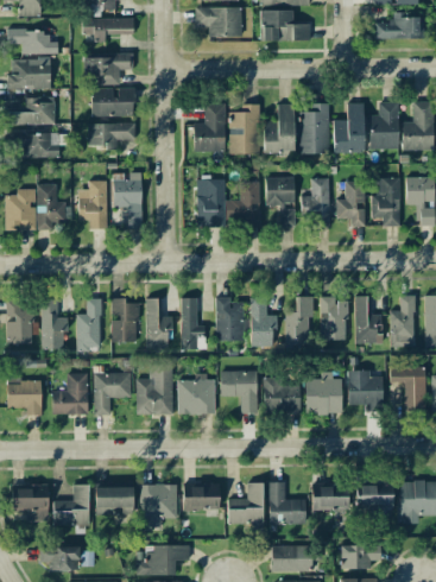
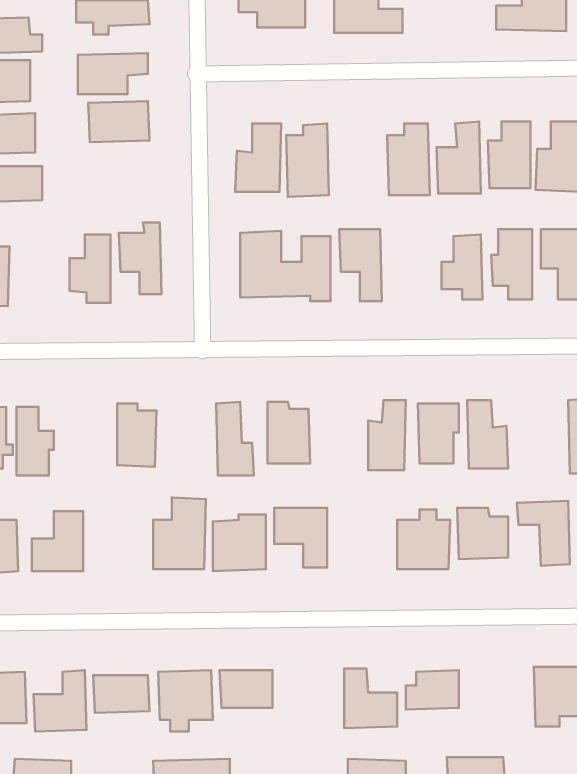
building: [265,103,296,152] -> none
building: [88,122,134,150] -> none
building: [302,177,331,226] -> none
building: [37,183,67,229] -> none
building: [251,296,277,347] -> none
building: [390,296,416,347] -> none
building: [77,298,101,349] -> none
building: [146,298,172,348] -> none
building: [94,372,132,415] -> none
building: [264,382,302,411] -> none
building: [228,482,264,533] -> none
building: [359,482,393,515] -> none

